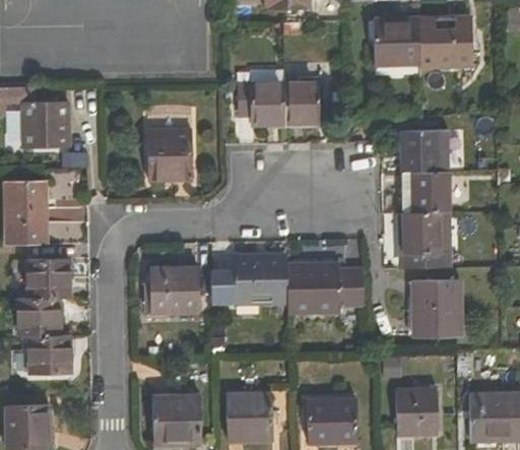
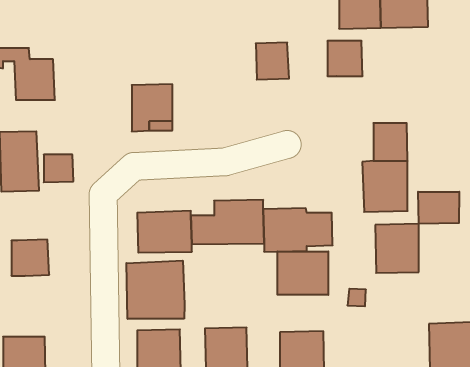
building: [237,83,283,124] -> none
building: [401,132,440,171] -> [327,41,363,76]
building: none -> [418,192,459,224]
building: [19,256,62,300] -> none
building: none -> [277,251,328,295]
building: none -> [126,261,185,319]
building: [29,337,67,373] -> none
building: [395,390,437,434] -> none

